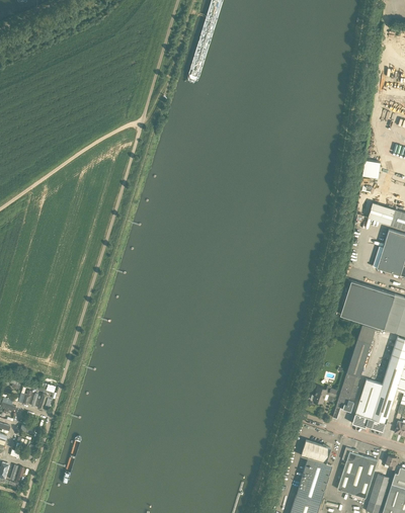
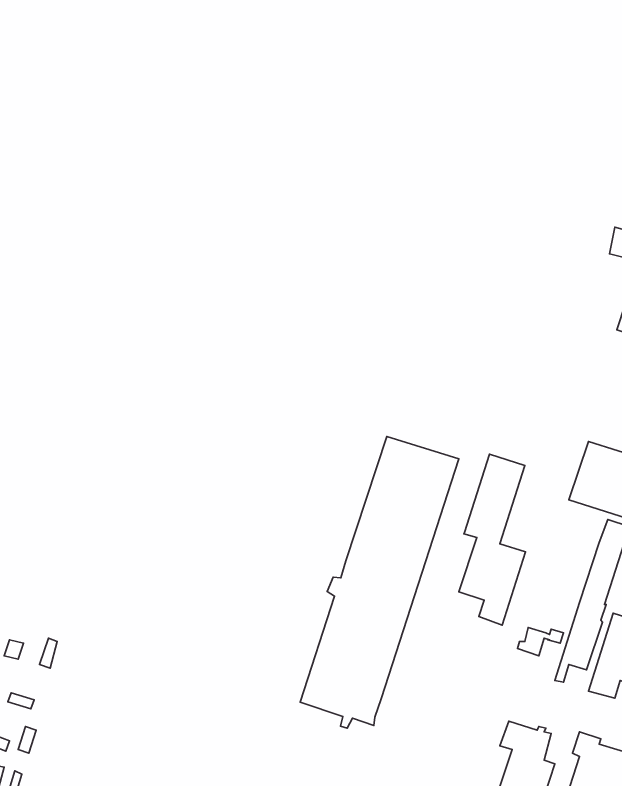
building: none -> [300,437,459,728]
building: none -> [459,454,525,625]

